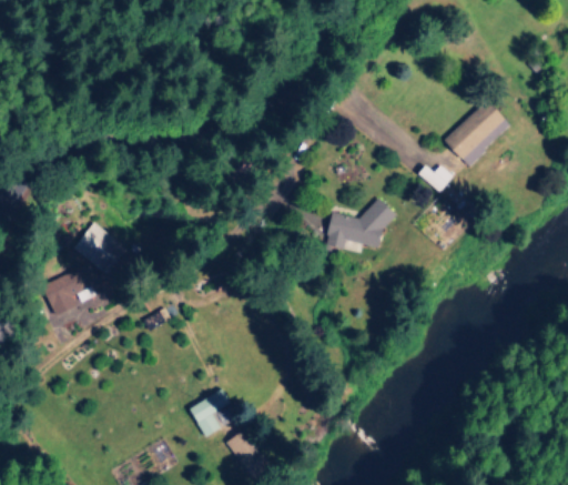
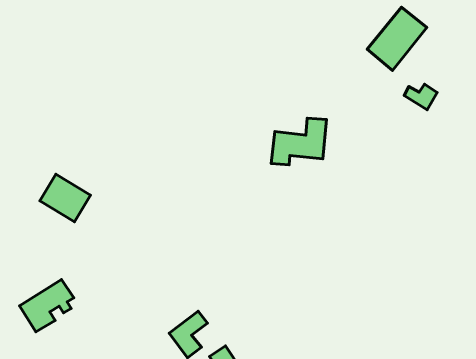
building: [417,164,453,192] -> [404,84,437,110]
building: [41,263,100,314] -> [19,280,74,332]

